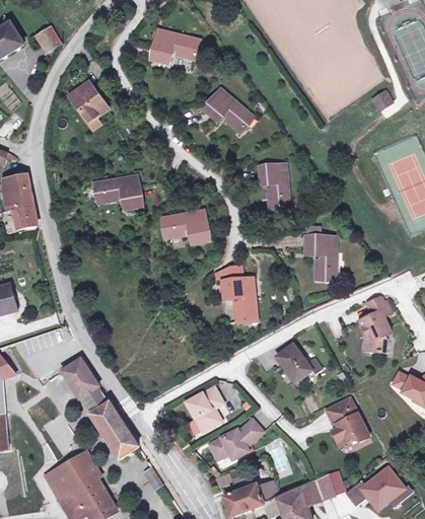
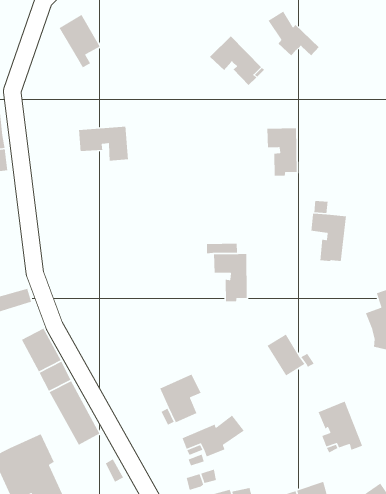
building: none -> [267,11,319,56]
building: [163,210,208,243] -> none

